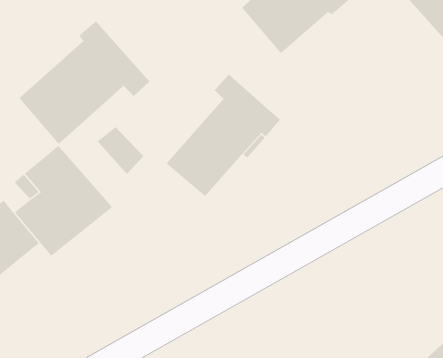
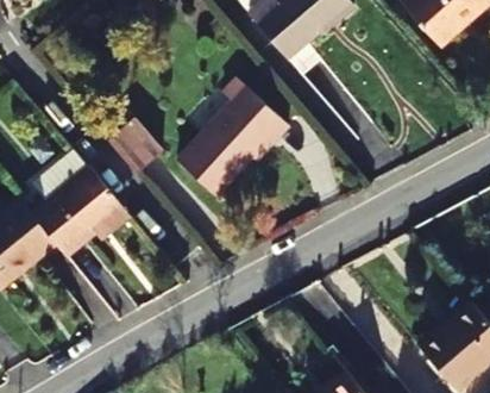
building: [19,20,150,145] -> none

